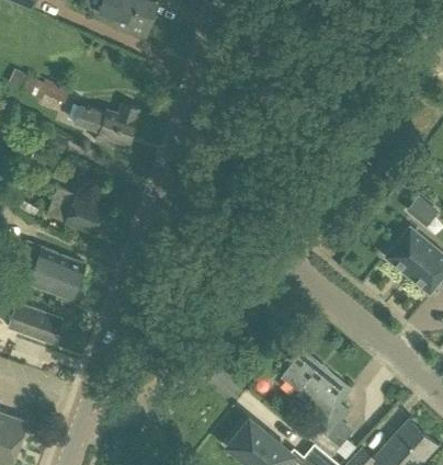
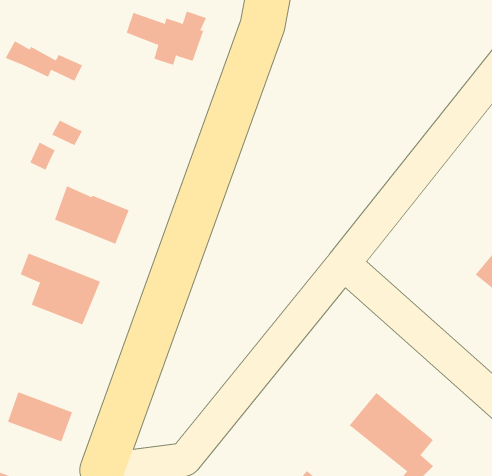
building: [73,104,138,148] -> [126,11,207,66]
building: [9,303,61,343] -> [7,392,73,442]

